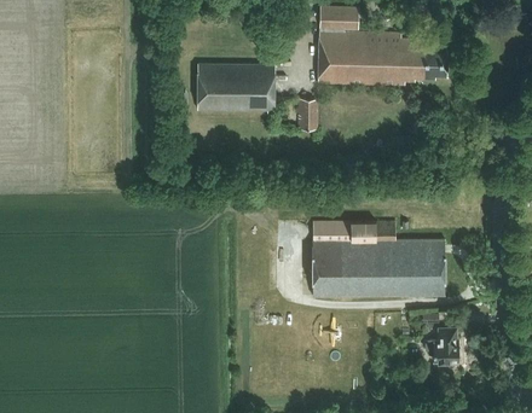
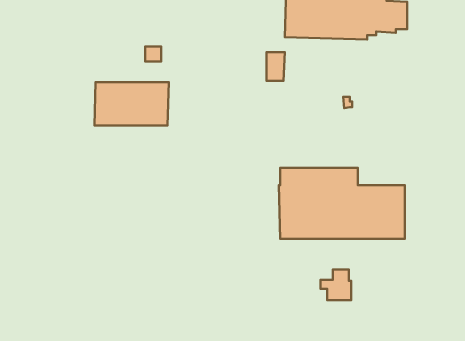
building: [197,64,276,110] -> [94,82,169,126]
building: [426,328,458,361] -> [320,269,351,300]

